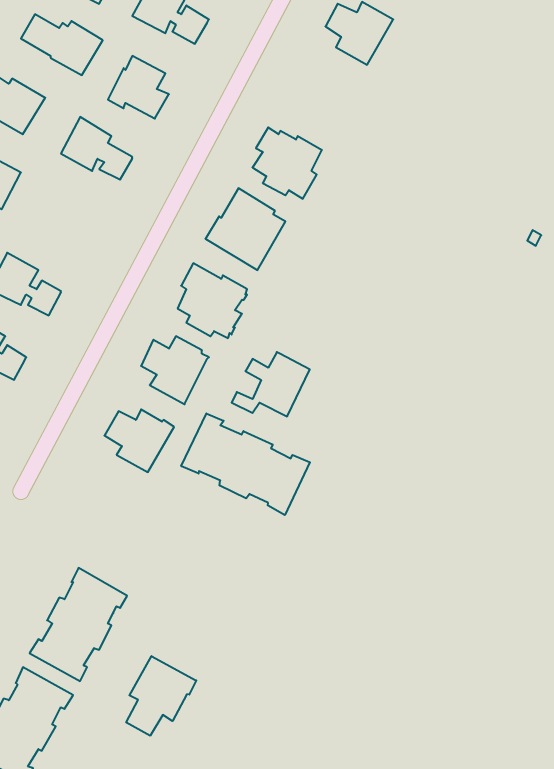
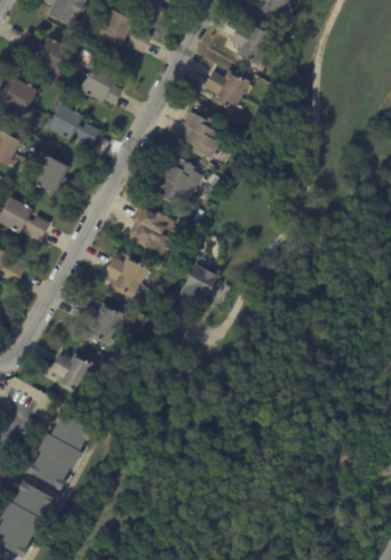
building: none -> [204,67,250,111]
building: none -> [32,155,70,195]
building: [181,413,310,515] -> none
building: none -> [49,353,95,394]
building: [126,656,196,736] -> none

